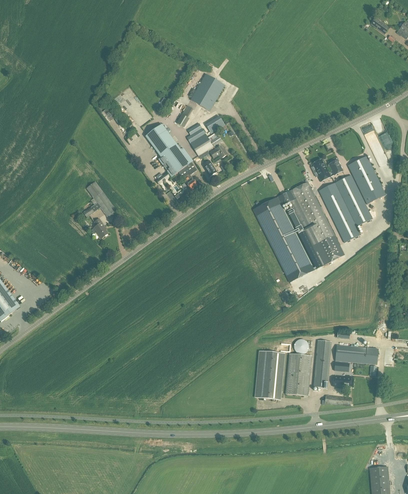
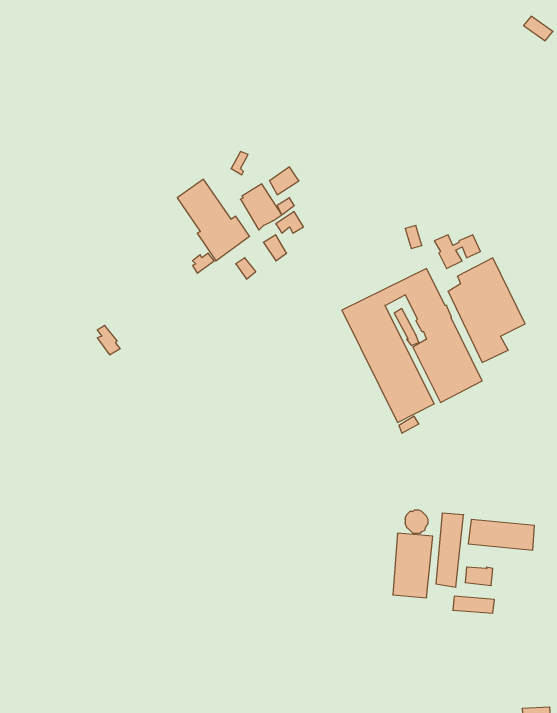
building: [190,73,224,110] -> none
building: [347,155,385,203] -> none
building: [82,181,116,217] -> none
building: [255,350,283,399] -> none

